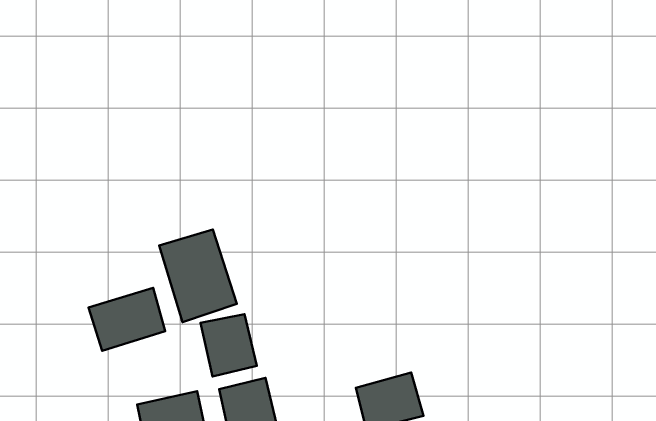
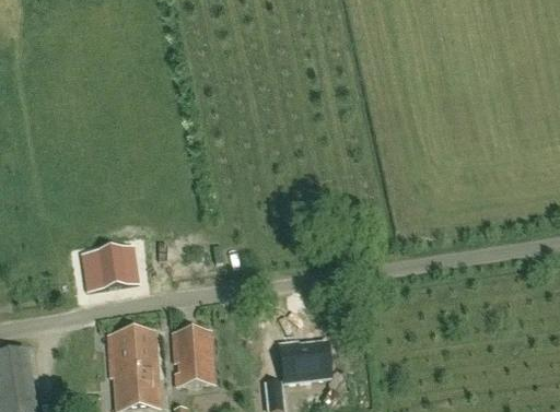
building: [159,230,237,322] -> none
building: [201,314,257,377] -> none

